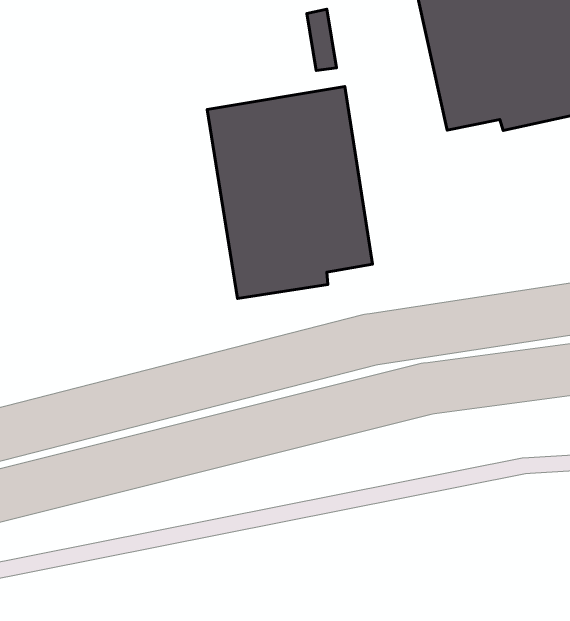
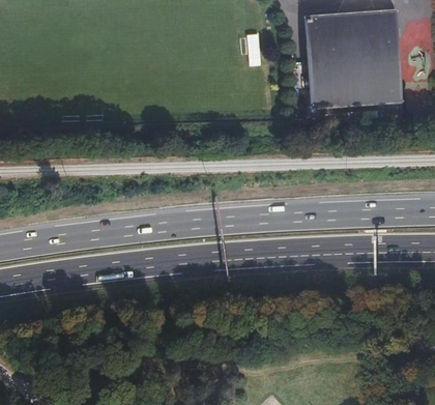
building: [207,87,373,299] -> none

